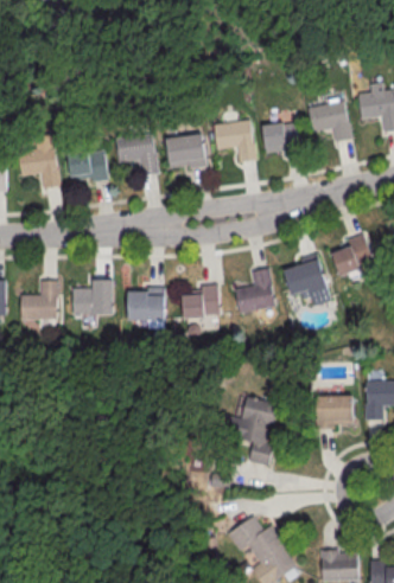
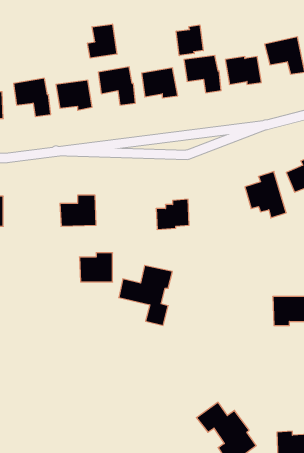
building: none -> [88,24,117,58]
building: none -> [176,25,203,56]
building: [234,269,277,314] -> none
building: [20,280,57,321] -> none
building: [127,287,165,320] -> [79,253,113,282]
building: [217,398,279,467] -> [119,265,172,325]

